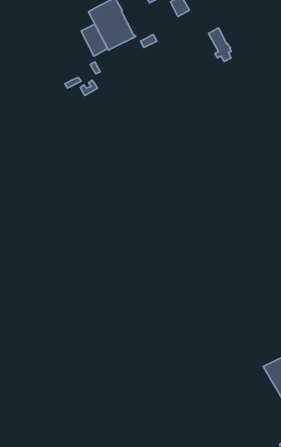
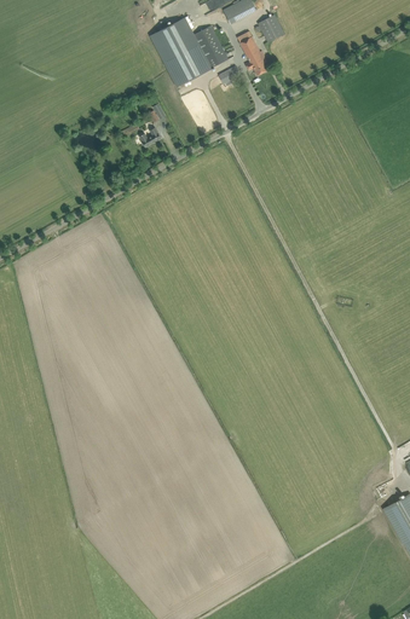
building: [81,24,108,56] -> [192,25,227,68]
building: [209,28,231,62] -> [236,30,266,75]

